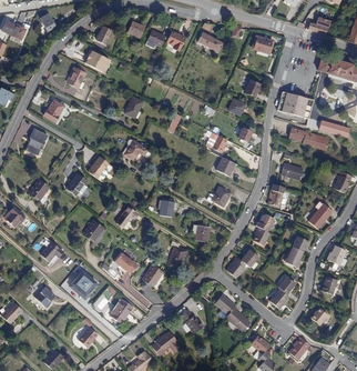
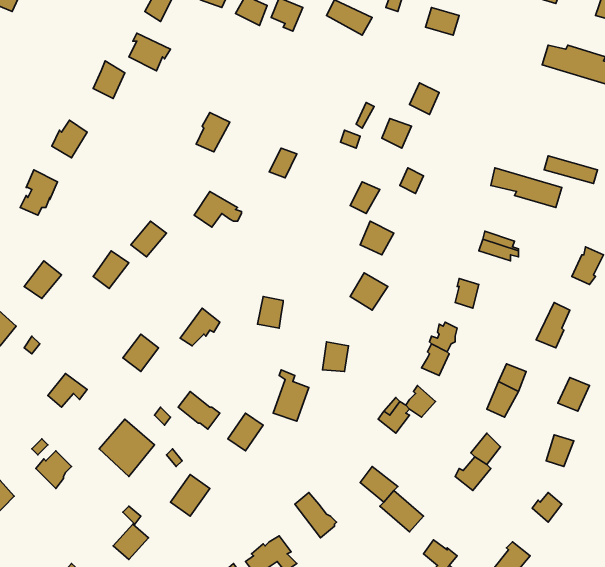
building: [278,91,316,118] -> none

